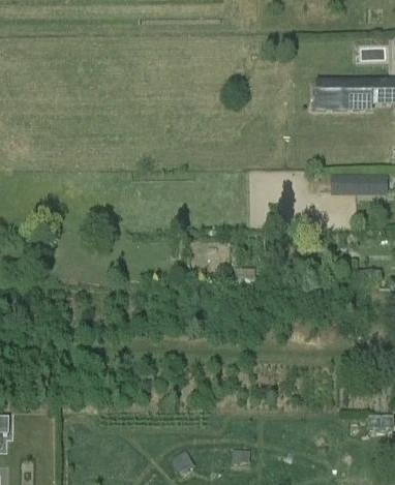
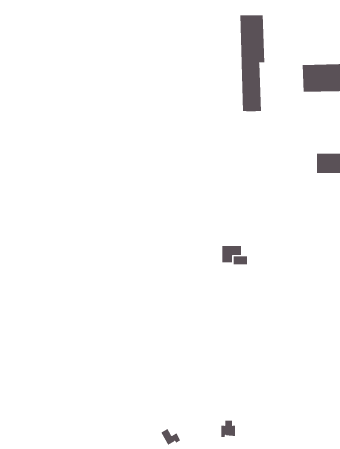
building: none -> [240,14,265,112]

